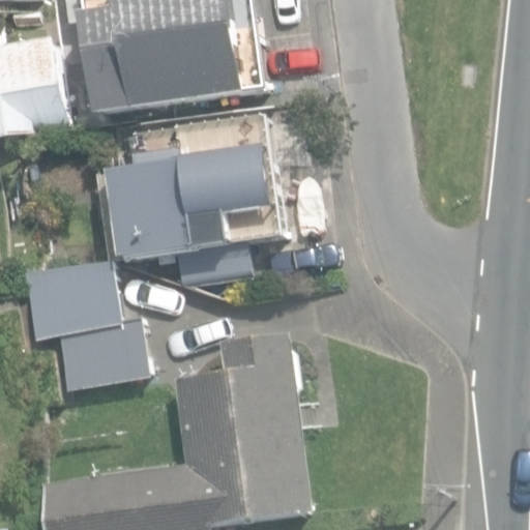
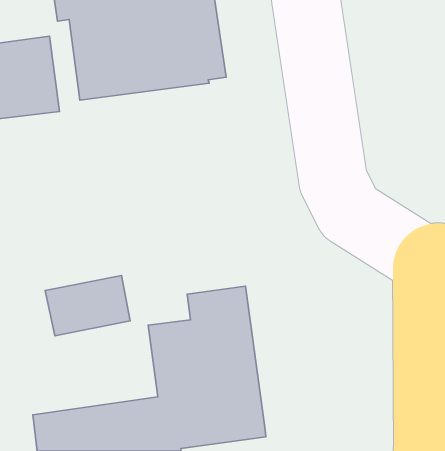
building: [109,121,275,287] -> none
building: [22,262,121,340] -> none

